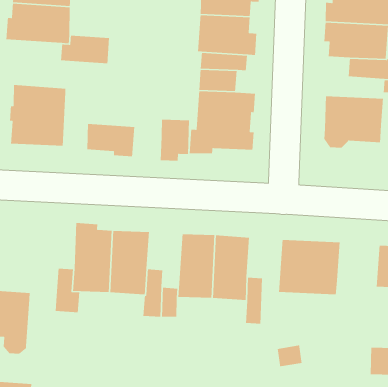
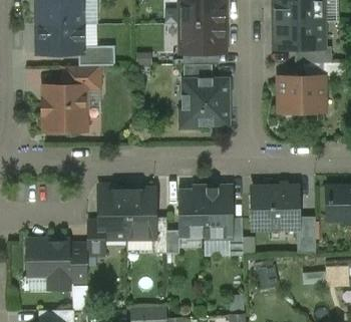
building: [160,119,190,162] -> none
building: [87,123,135,157] -> [63,66,99,89]
building: none -> [297,217,316,253]
building: none -> [68,247,88,282]

